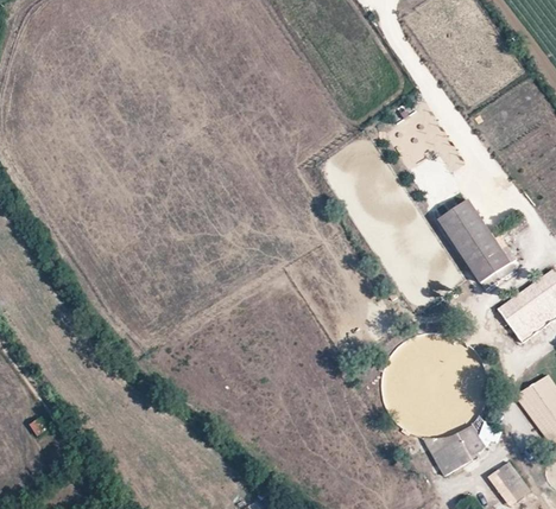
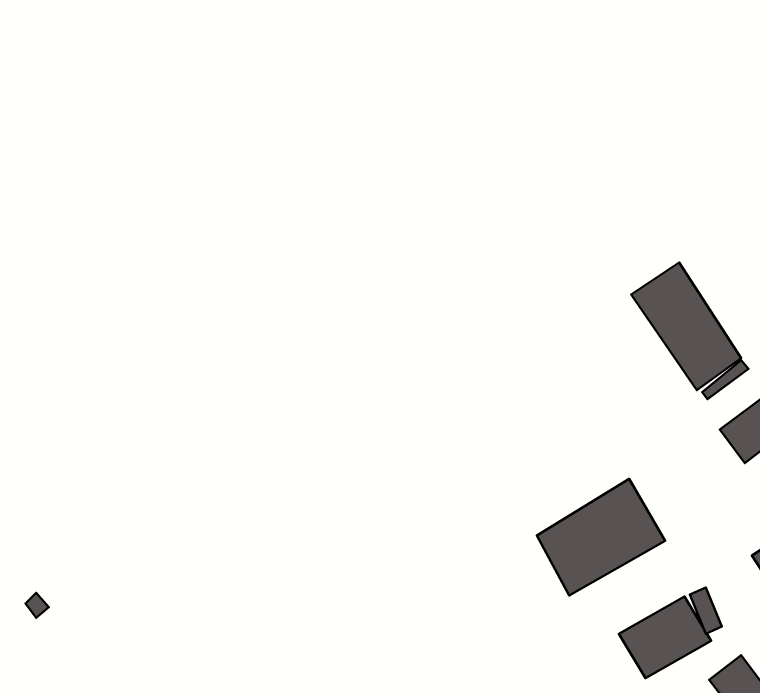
building: none -> [537,479,665,595]

